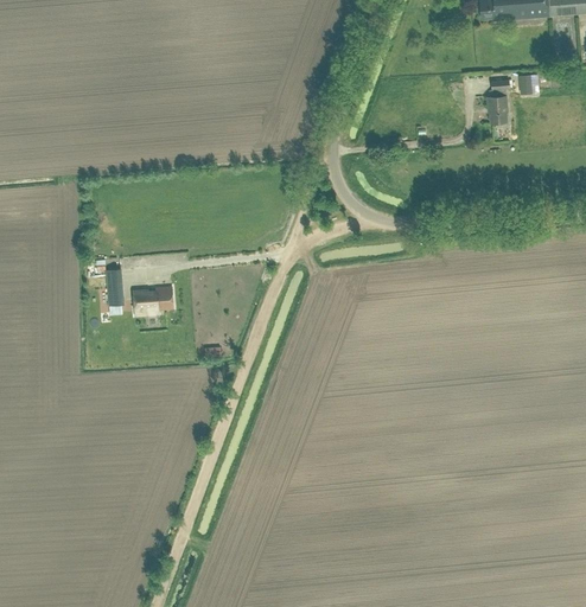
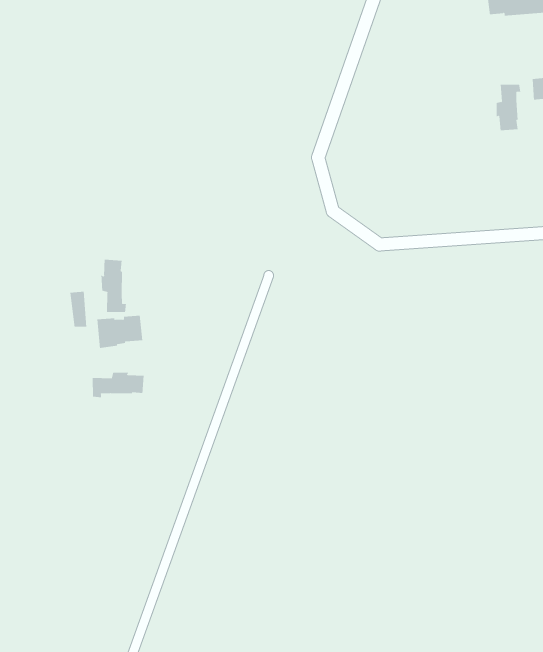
building: none -> [101,259,126,313]
building: none -> [92,372,144,398]

